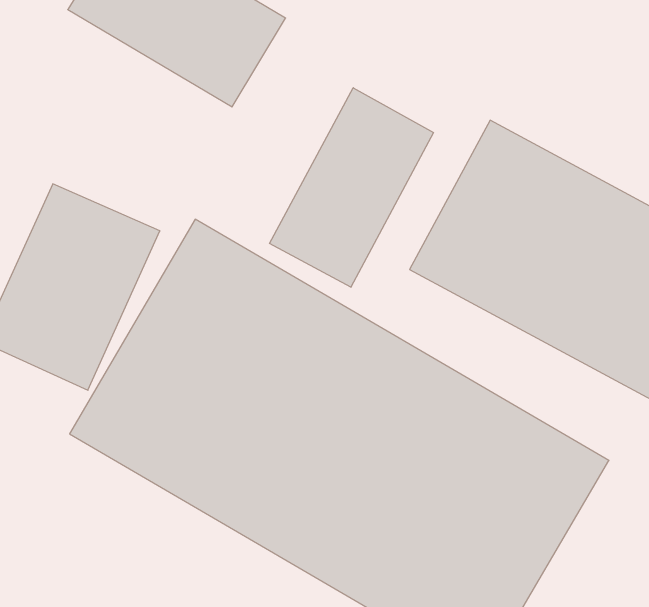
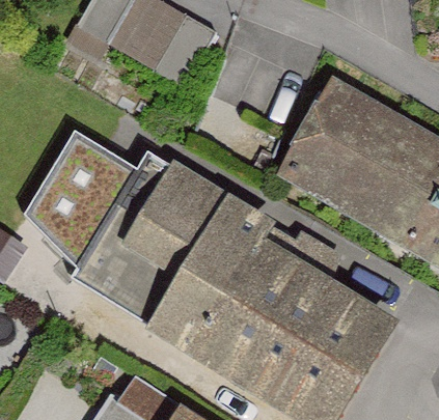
building: [270,88,433,287] -> none

